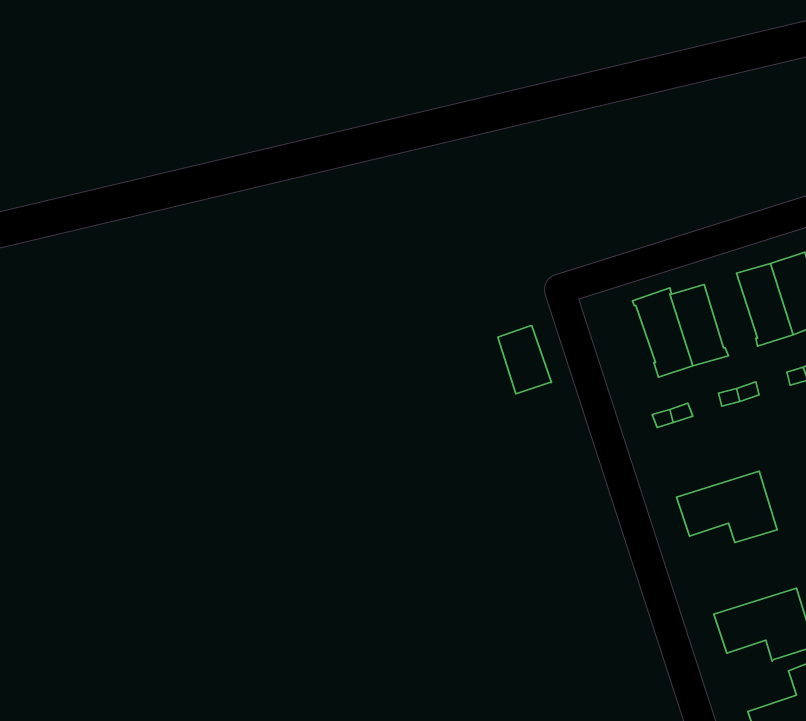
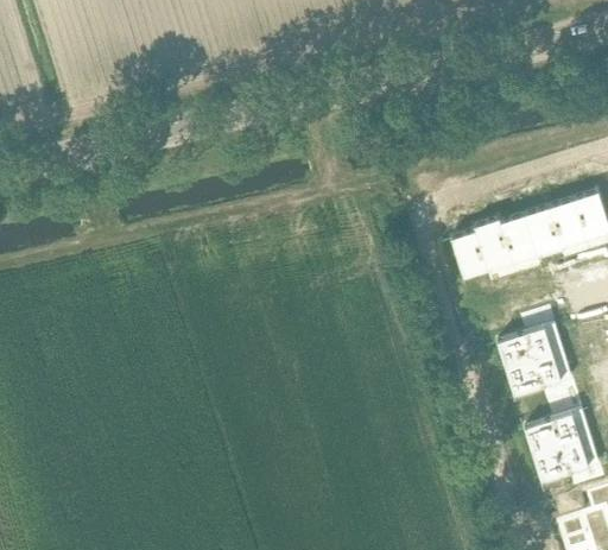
building: none -> [525,206,564,260]
building: [498,326,551,394] -> [450,229,489,279]
building: none -> [496,308,565,369]
building: none -> [524,393,593,455]

